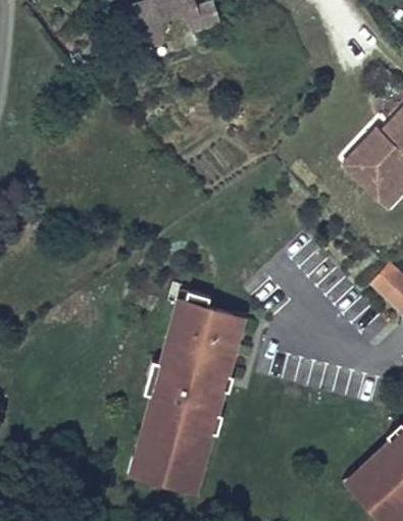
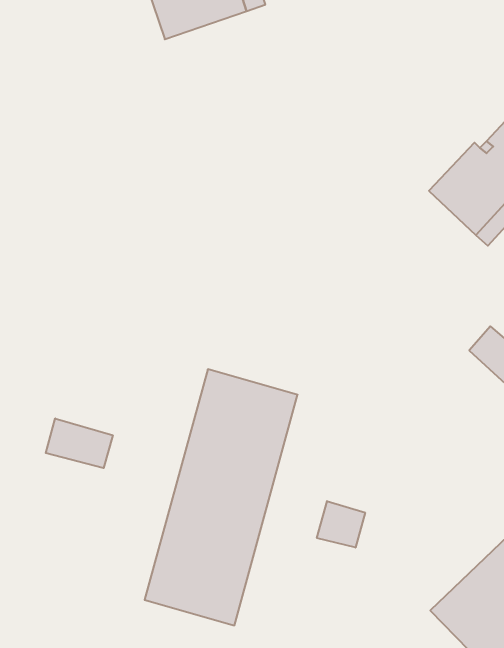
building: none -> [46,418,113,468]
building: none -> [317,501,365,548]

